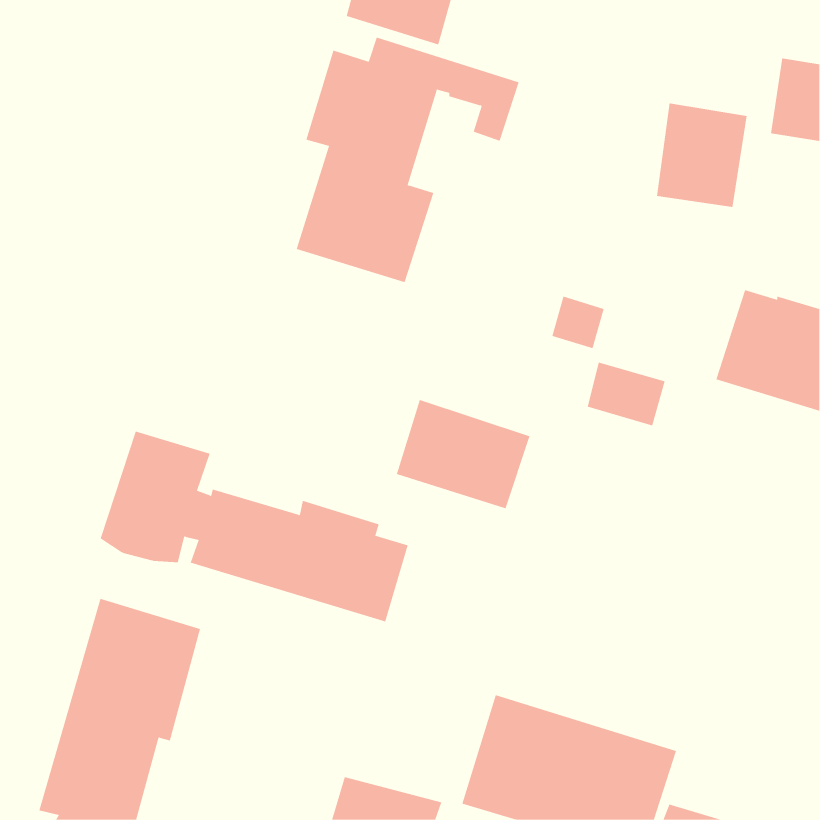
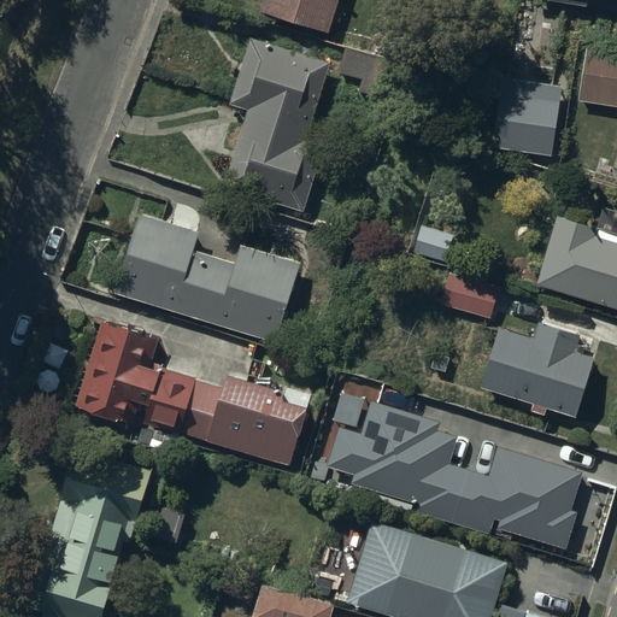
building: none -> [113,212,301,343]
building: [396,399,530,509] -> none
building: none -> [480,322,594,418]
building: none -> [325,399,582,550]

